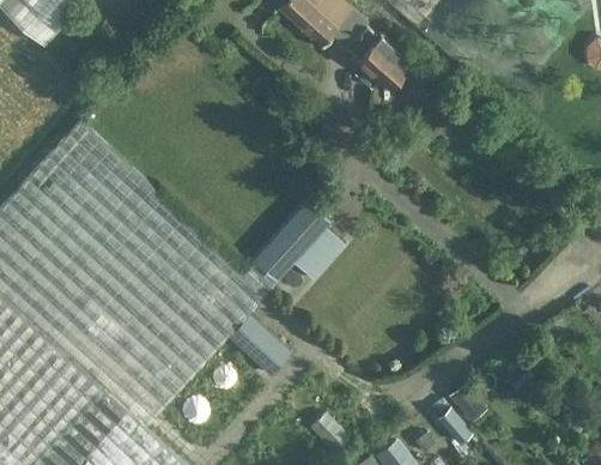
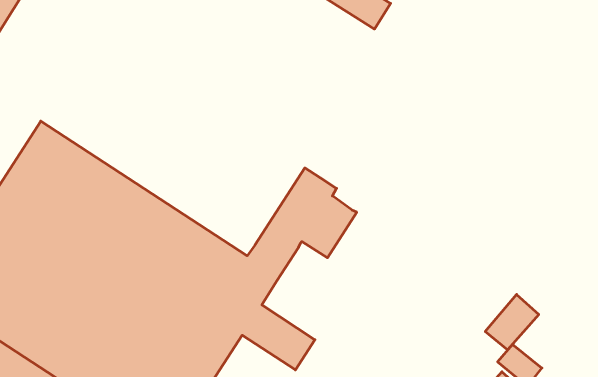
building: none -> [485,294,539,350]

